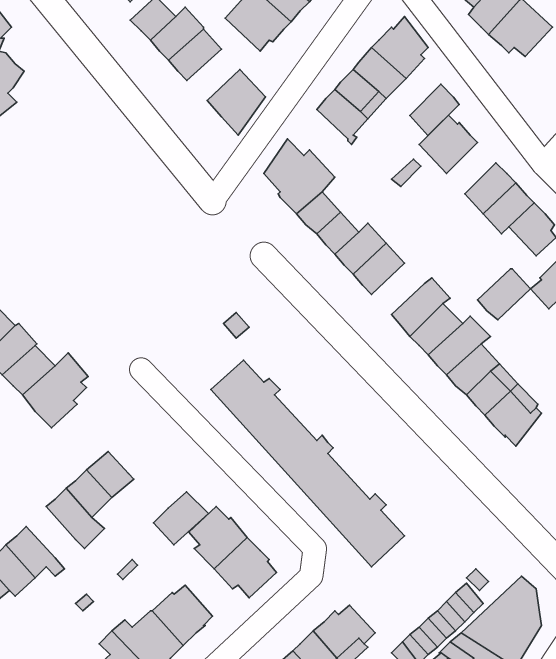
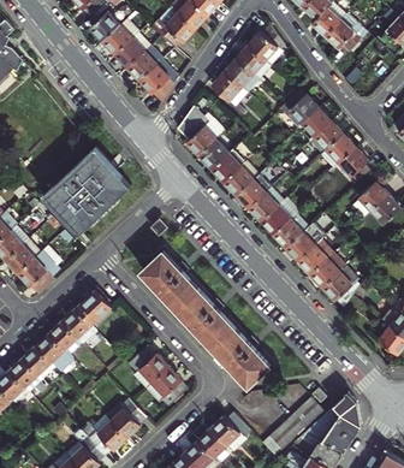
building: none -> [126,45,162,79]
building: [410,84,459,135] -> [297,107,329,141]
building: none -> [44,147,131,233]
building: [478,269,531,320] -> [248,186,283,220]
building: [154,492,208,545] -> [75,290,111,325]
building: none -> [20,346,53,380]

